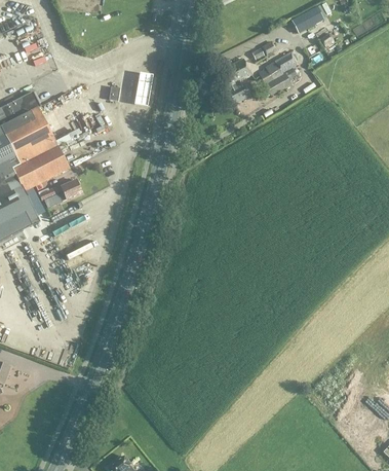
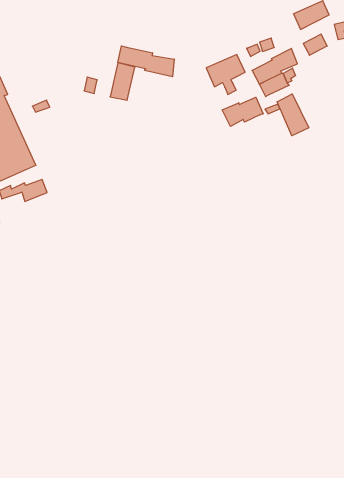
building: none -> [118,46,174,77]
building: none -> [277,94,309,136]
building: none -> [222,97,263,126]

